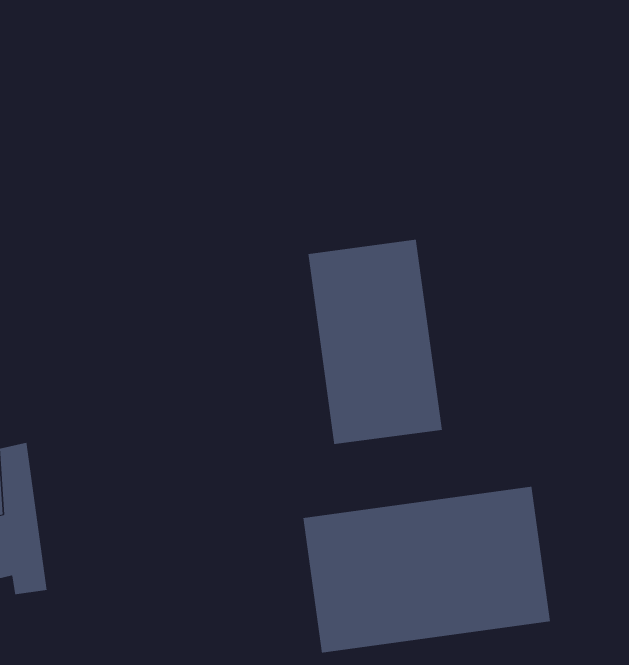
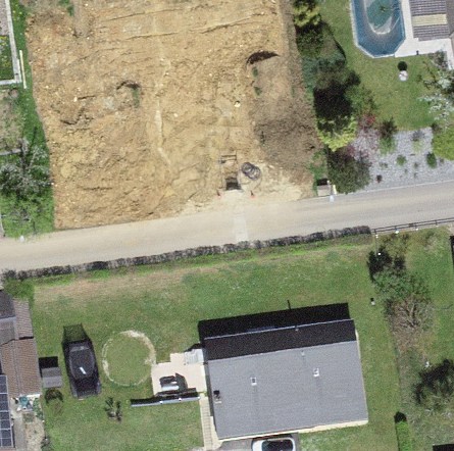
building: [308,239,442,445] -> none

